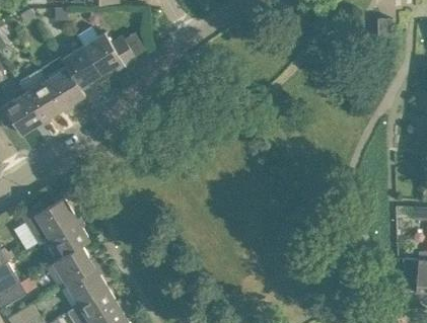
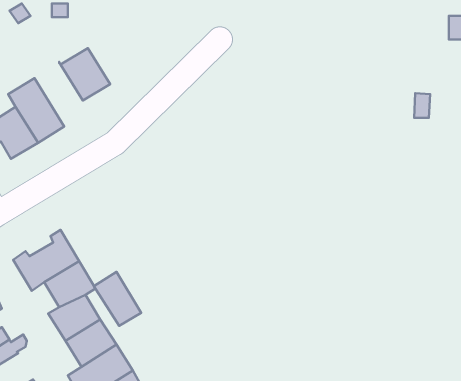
building: [77,27,136,75] -> none
building: [40,58,84,109] -> none
building: none -> [94,272,141,326]

